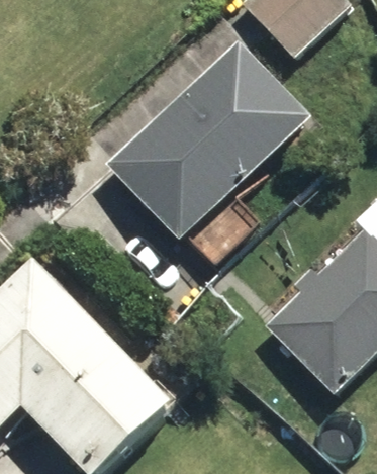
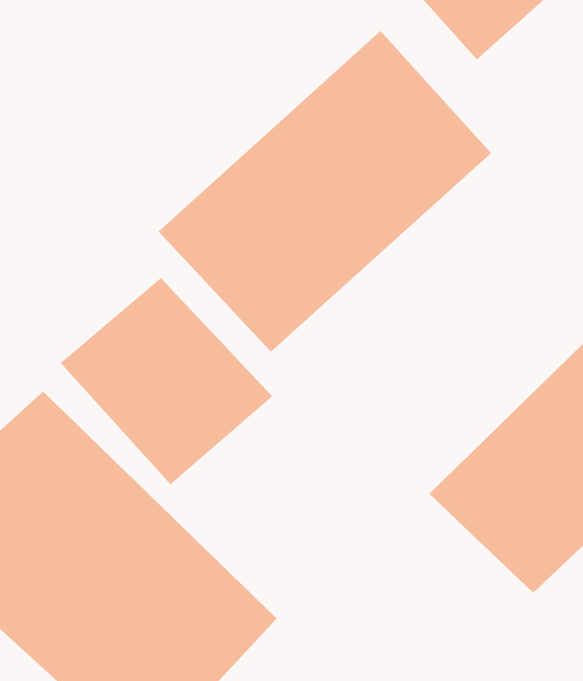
building: none -> [60,277,273,485]

